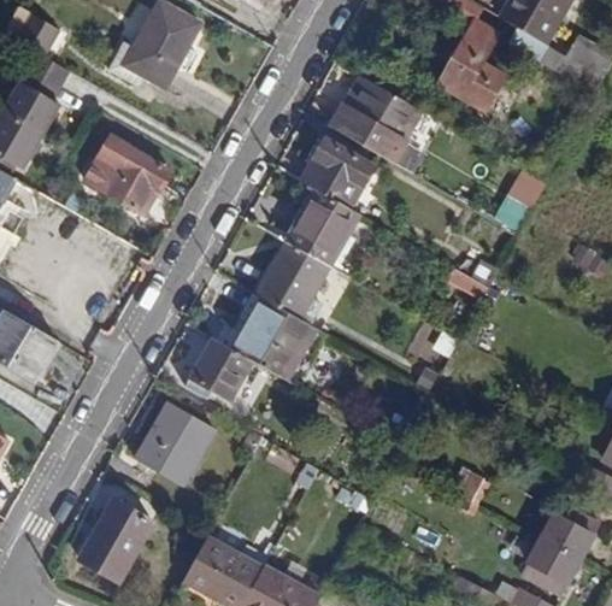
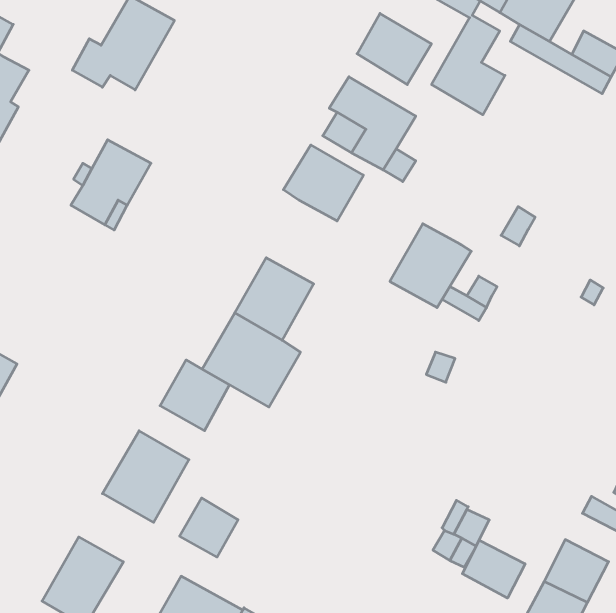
building: none -> [357,13,431,85]
building: [286,189,360,266] -> [390,224,471,308]
building: none -> [180,498,238,557]
building: none -> [462,540,525,598]

